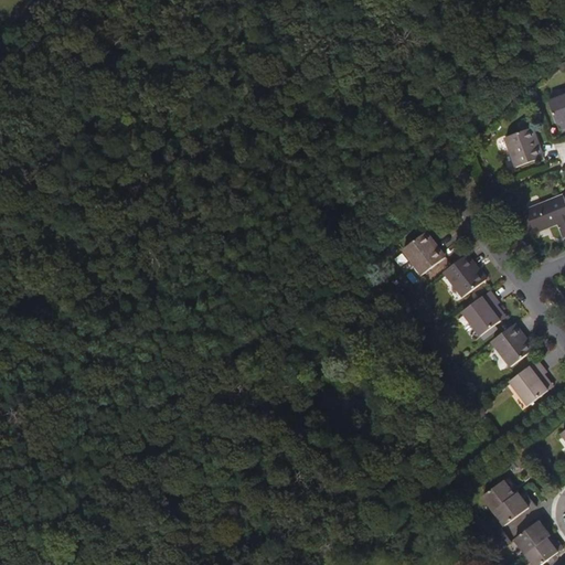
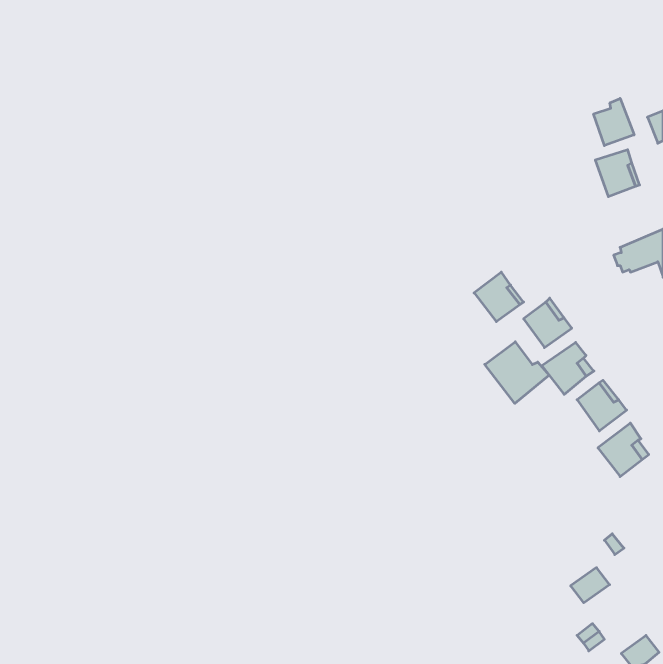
building: none -> [594,98,634,146]
building: none -> [485,342,549,403]
building: [494,494,537,527] -> none
building: [515,523,551,555] -> none

